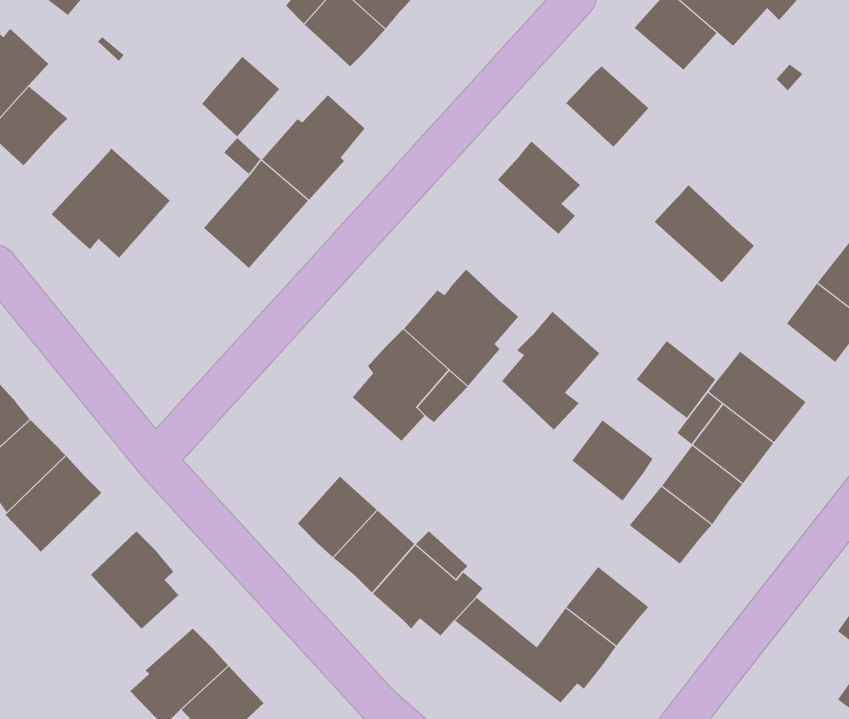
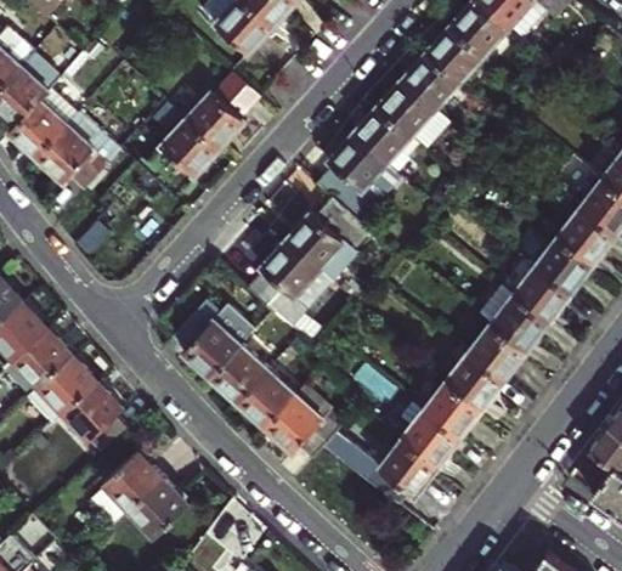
building: none -> [428,24,486,81]
building: [201,56,280,137] -> none
building: none -> [9,86,78,157]
building: [654,184,755,283] -> [378,78,449,148]
building: [501,311,600,431] -> [317,132,388,217]
building: [636,340,716,419] -> [537,234,594,290]
building: none -> [176,299,255,377]
building: [572,419,654,502] -> [425,378,484,436]
building: none -> [29,355,97,423]

